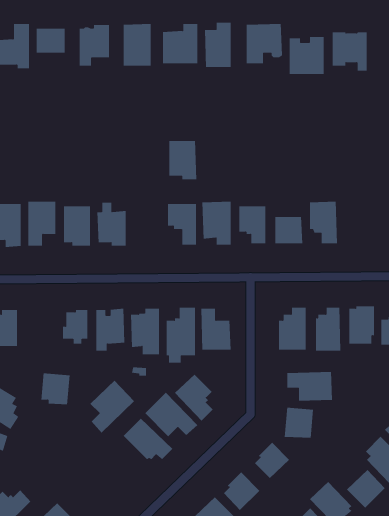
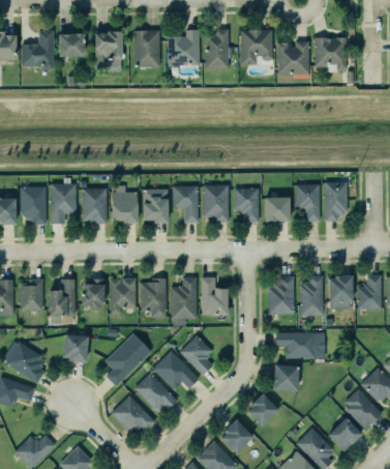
building: [168,140,197,180] -> [143,189,168,224]
building: none -> [325,182,347,222]
building: none -> [49,279,73,316]
building: none -> [112,395,155,435]

